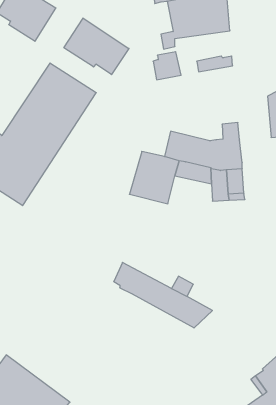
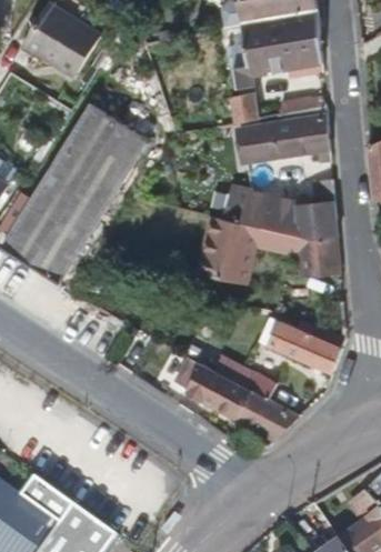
building: [64,18,129,75] -> none
building: none -> [239,116,330,161]
building: none -> [254,319,344,375]

